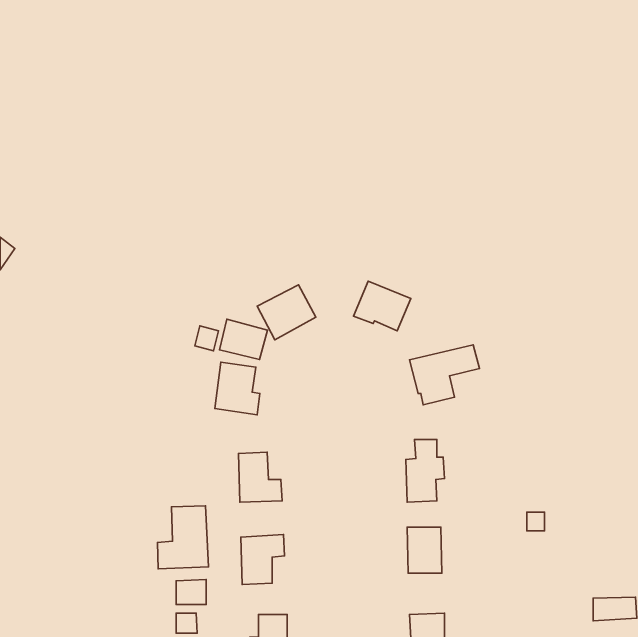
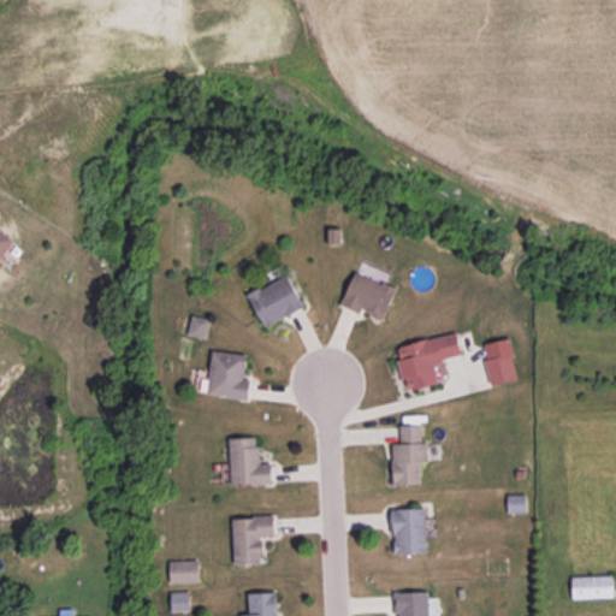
building: [219,319,268,360] -> none
building: none -> [481,339,519,385]
building: [158,506,208,569] -> none

